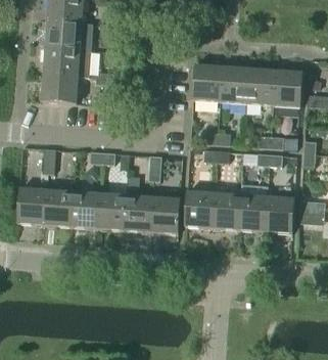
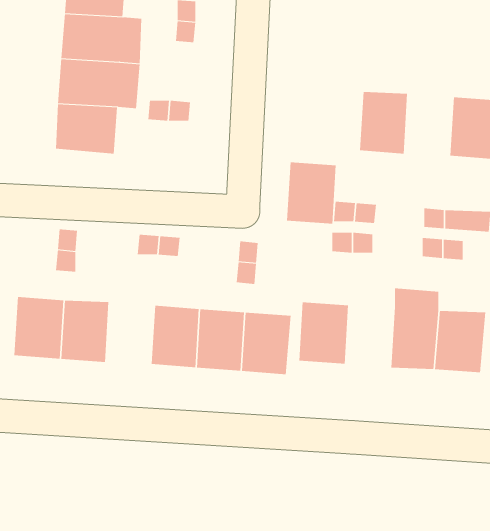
building: [193,65,223,102] -> [286,162,337,224]
building: [247,69,276,105] -> none
building: [72,191,100,228] -> none
building: [213,193,241,230] -> none

